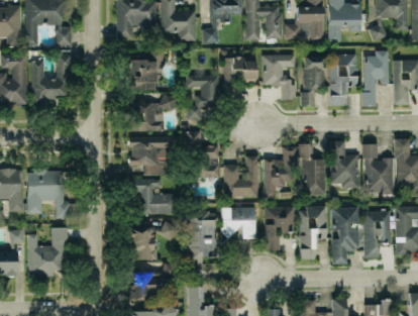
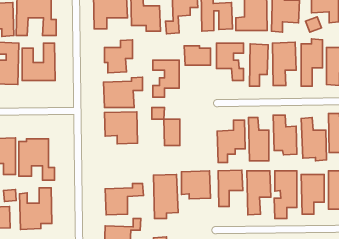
building: [224,155,258,197] -> none
building: [129,178,173,214] -> none

